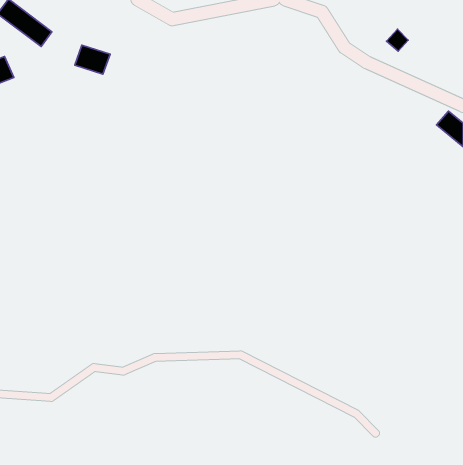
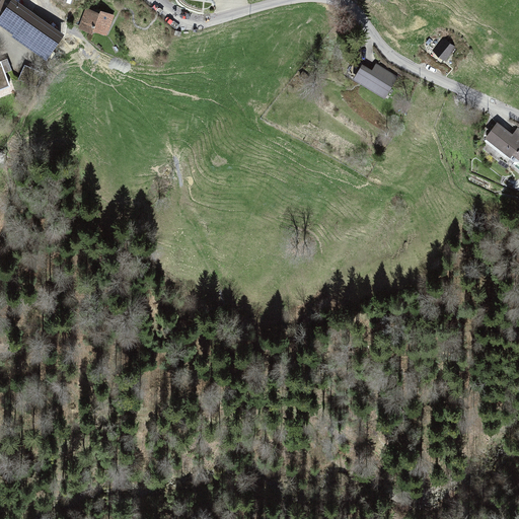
building: [75,45,110,74] -> [78,8,118,41]
building: none -> [351,62,393,96]

